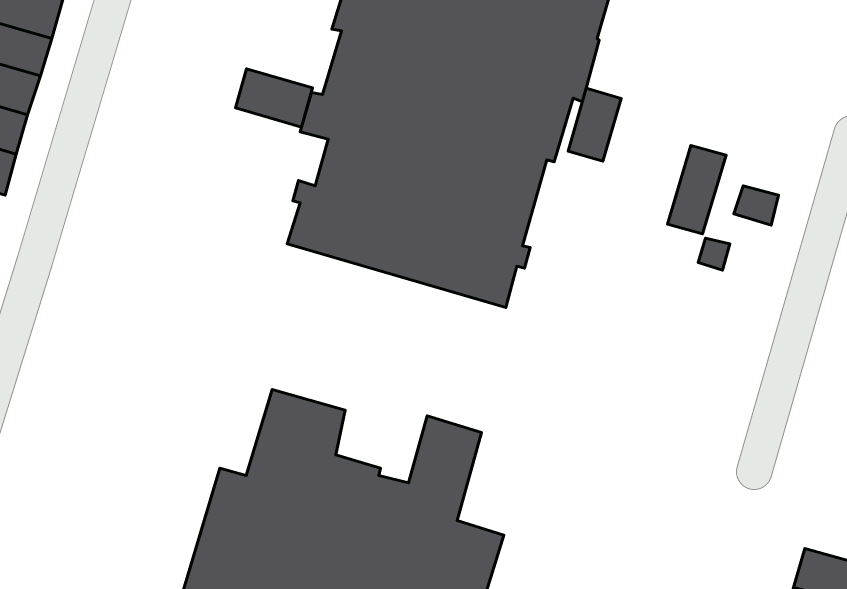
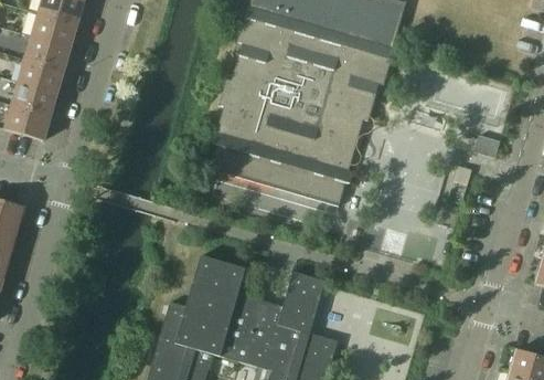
building: [236,69,312,127] -> none
building: [568,88,621,161] -> none
building: [667,145,726,234] -> none

